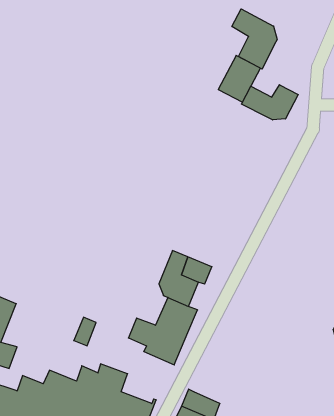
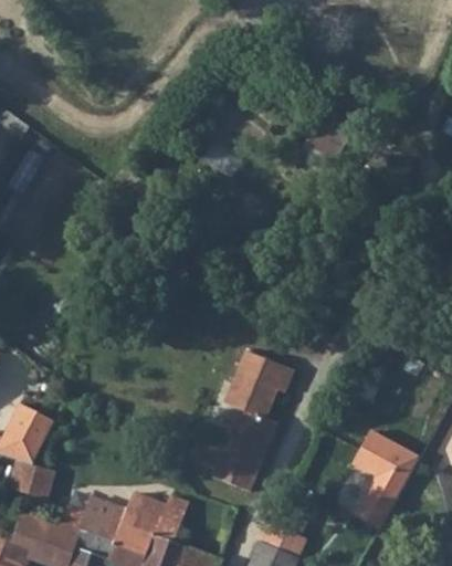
building: [232,9,277,69] -> none
building: [241,85,298,120] -> none
building: none -> [349,434,416,532]

